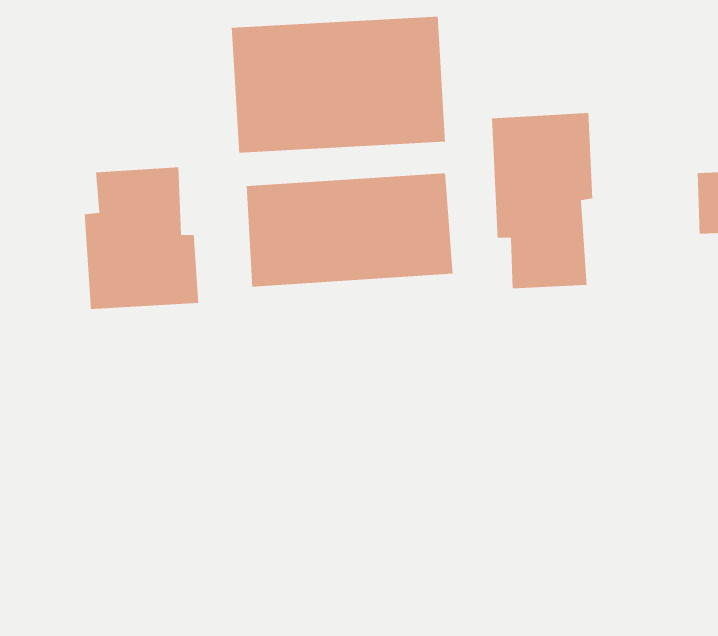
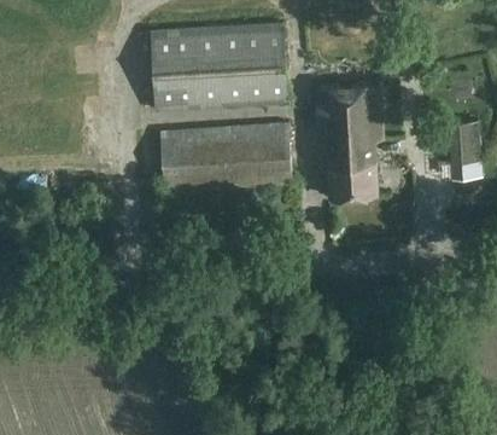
building: [84,166,199,310] -> none

